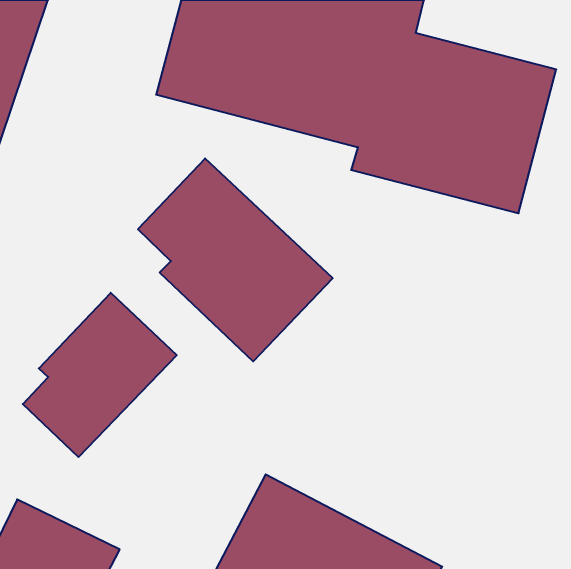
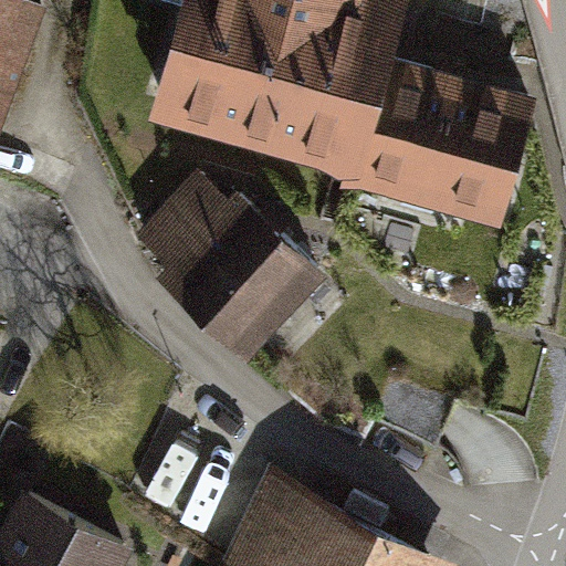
building: [23,293,177,457] -> none

